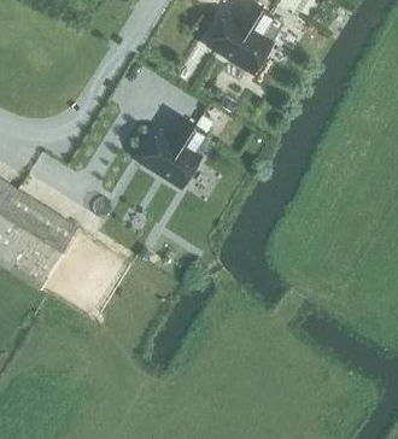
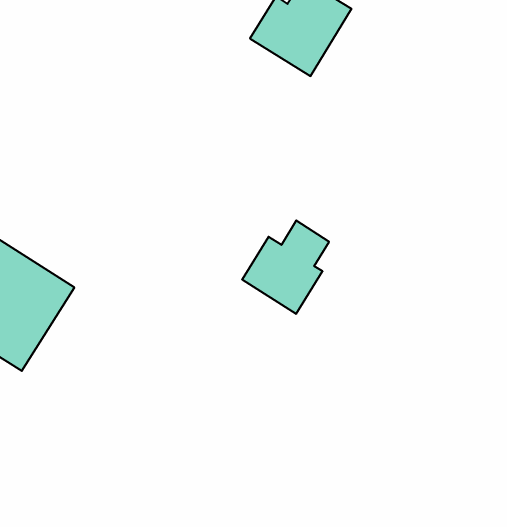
building: [140,118,204,187] -> [242,220,329,314]

